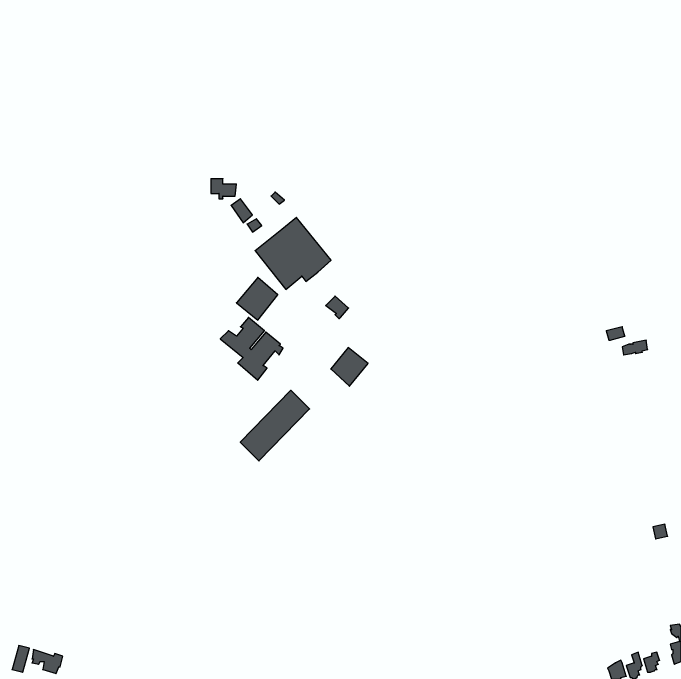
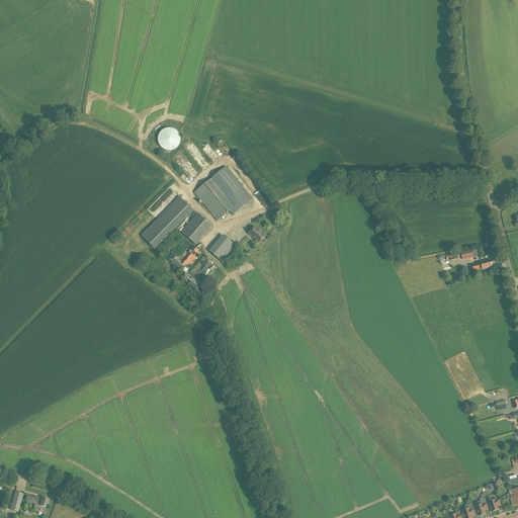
building: [331,348,368,386] -> [208,233,237,262]
building: [240,390,310,461] -> [140,194,192,248]

